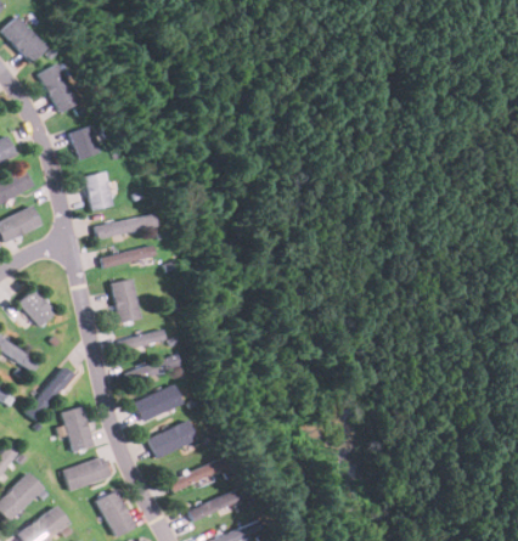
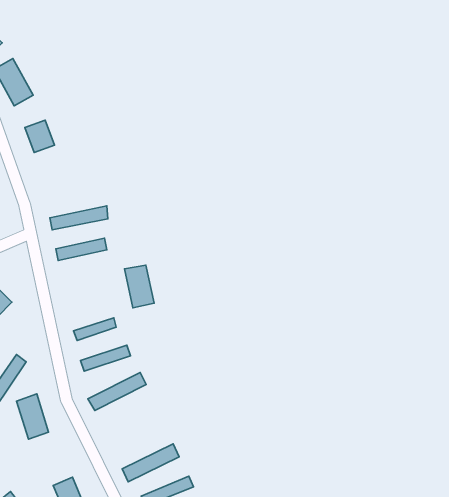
building: [84,171,112,210] -> none
building: [111,280,141,323] -> [125,265,154,308]
building: [147,417,207,458] -> none
building: [63,457,109,491] -> none

